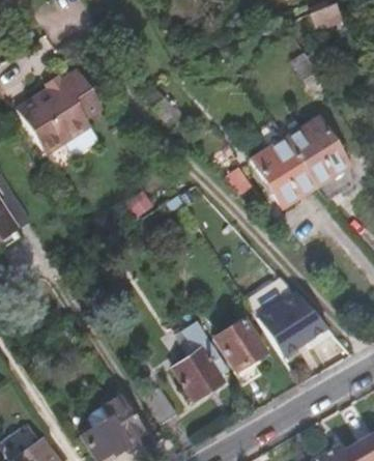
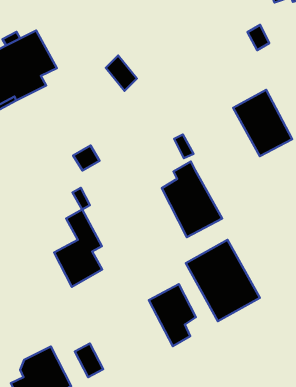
building: [252,129,315,206] -> [162,162,222,237]
building: [173,321,223,400] -> [54,210,102,287]

